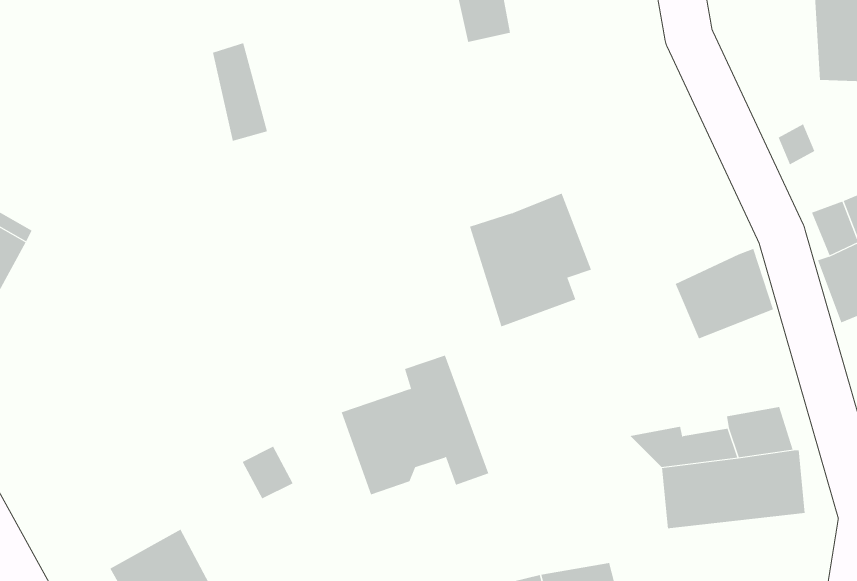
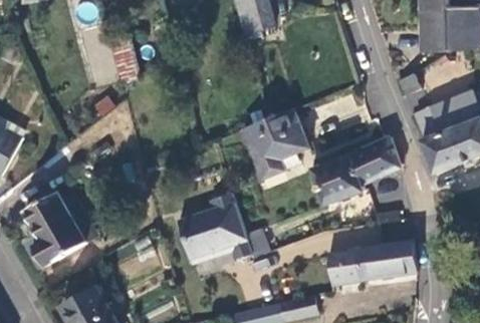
building: none -> [311,158,362,206]
building: none -> [22,181,97,263]

